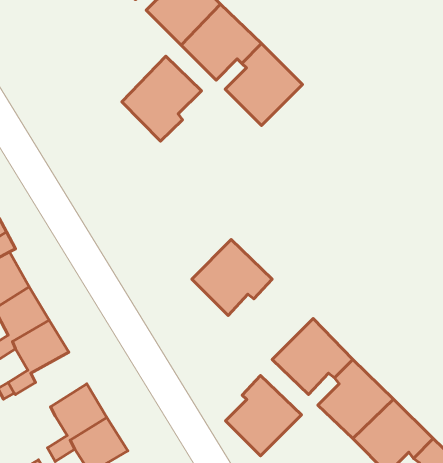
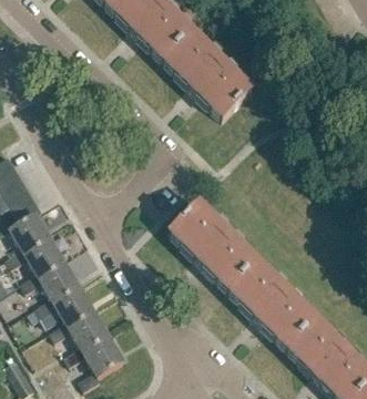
building: [122,56,202,141] -> none
building: none -> [51,286,94,341]
building: [226,375,301,456] -> [204,233,259,291]

